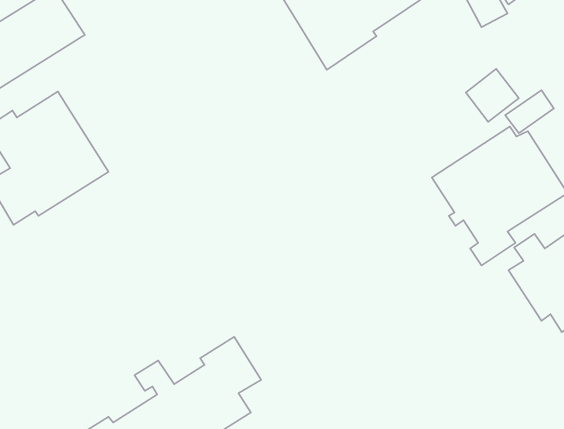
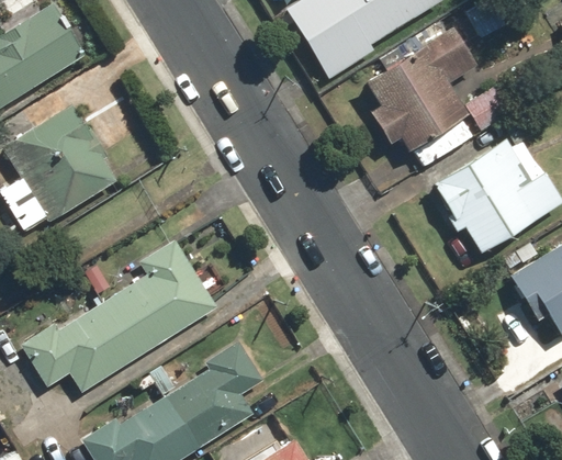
building: none -> [361,23,480,153]
building: none -> [23,239,221,399]

